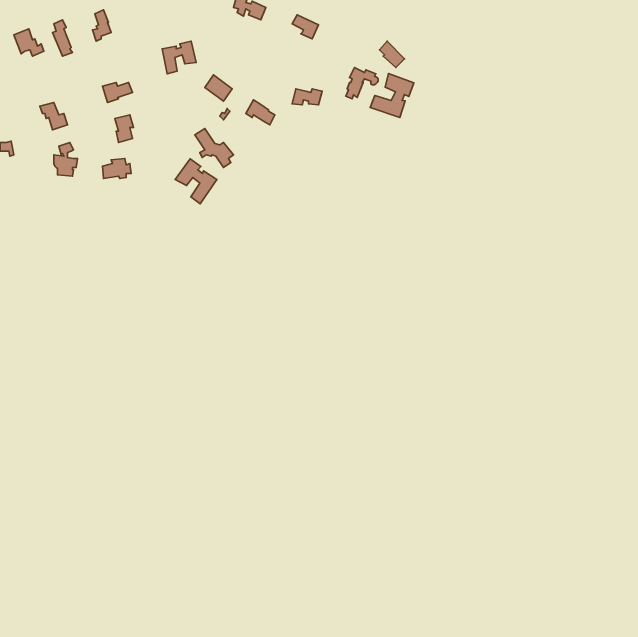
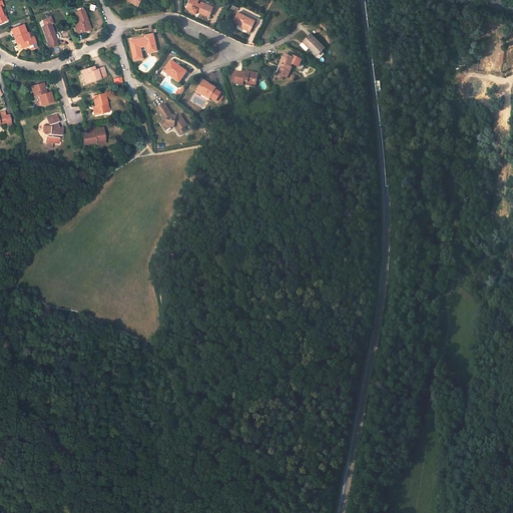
building: [370,73,414,117] -> none
building: [175,159,217,204] -> none

